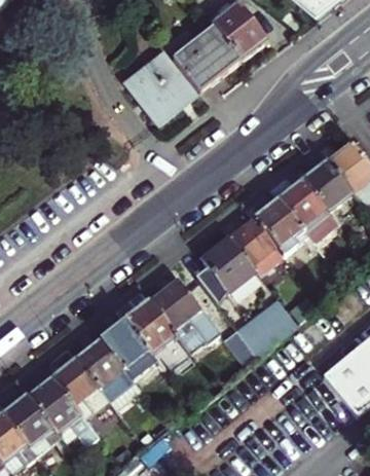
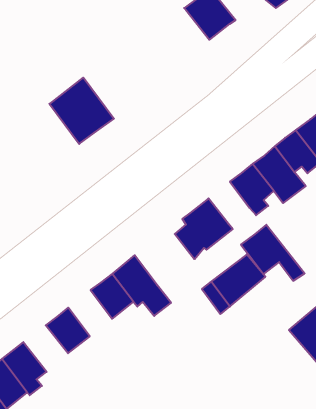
building: [173,25,237,88] -> none
building: [124,49,195,122] -> [49,78,114,144]
building: [236,214,282,260] -> none
building: [155,273,225,335] -> [241,225,305,281]
building: [82,333,131,385] -> none
building: [33,372,104,439] -> none

